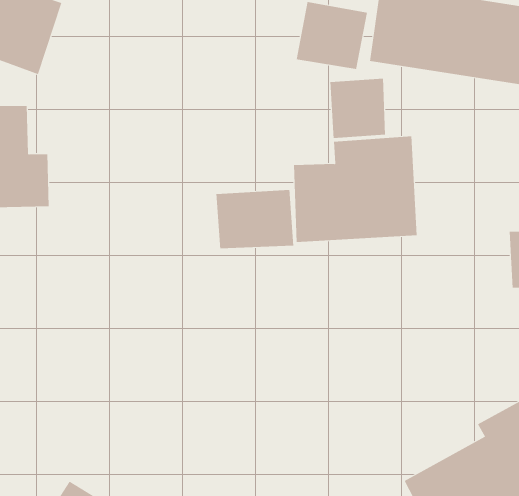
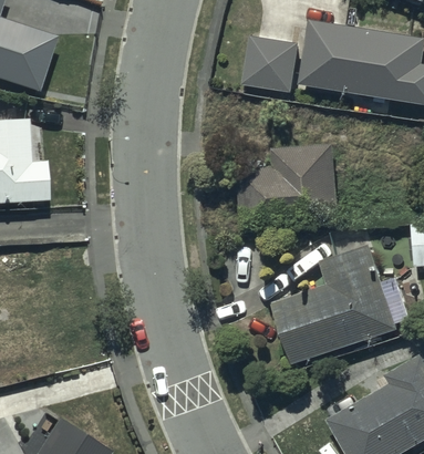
building: [330,78,386,139] -> none
building: [216,189,294,249] -> none
building: none -> [271,246,407,364]

